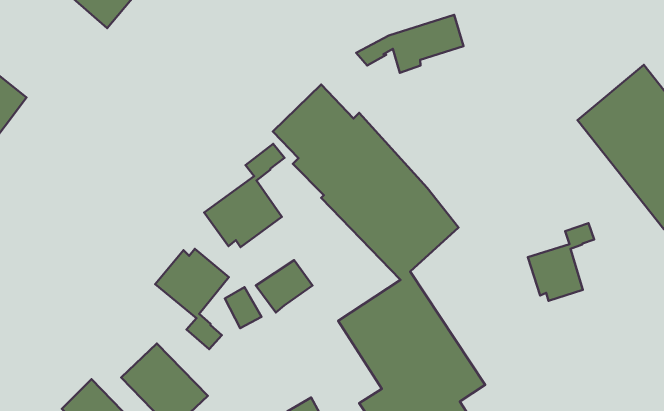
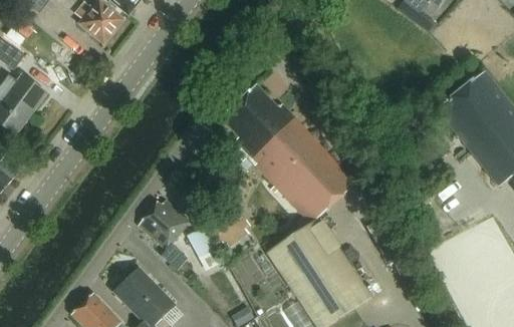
building: [356,15,463,73] -> none
building: [204,144,284,247] -> none
building: [528,223,594,301] -> none

